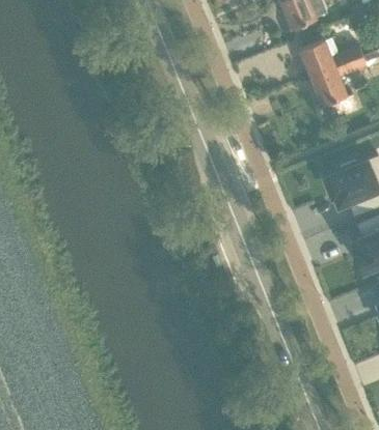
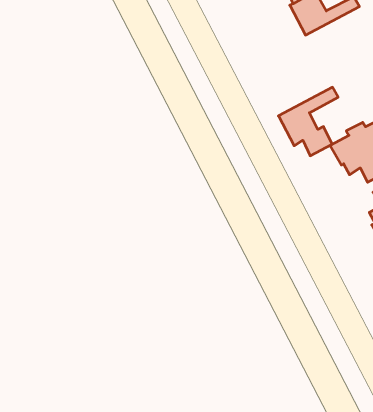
building: [313,58,368,117] -> [278,87,338,156]

